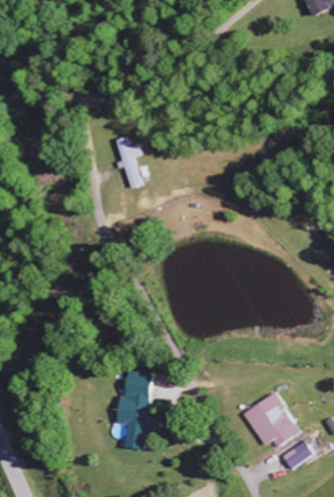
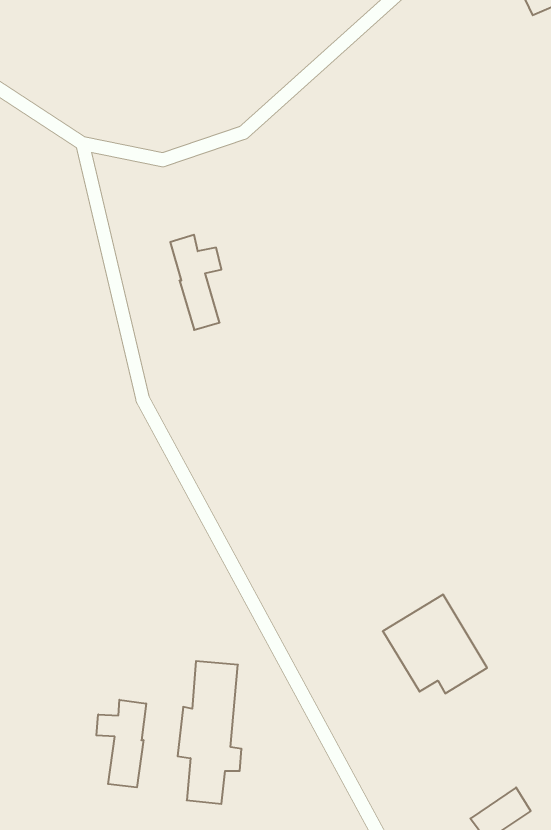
building: none -> [96,700,146,787]
building: [242,391,300,446] -> [383,595,487,693]

